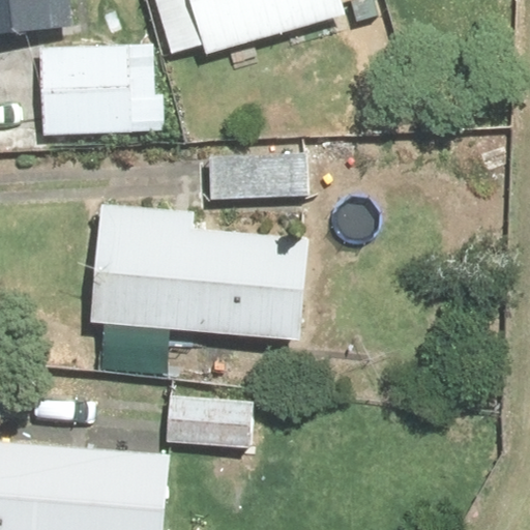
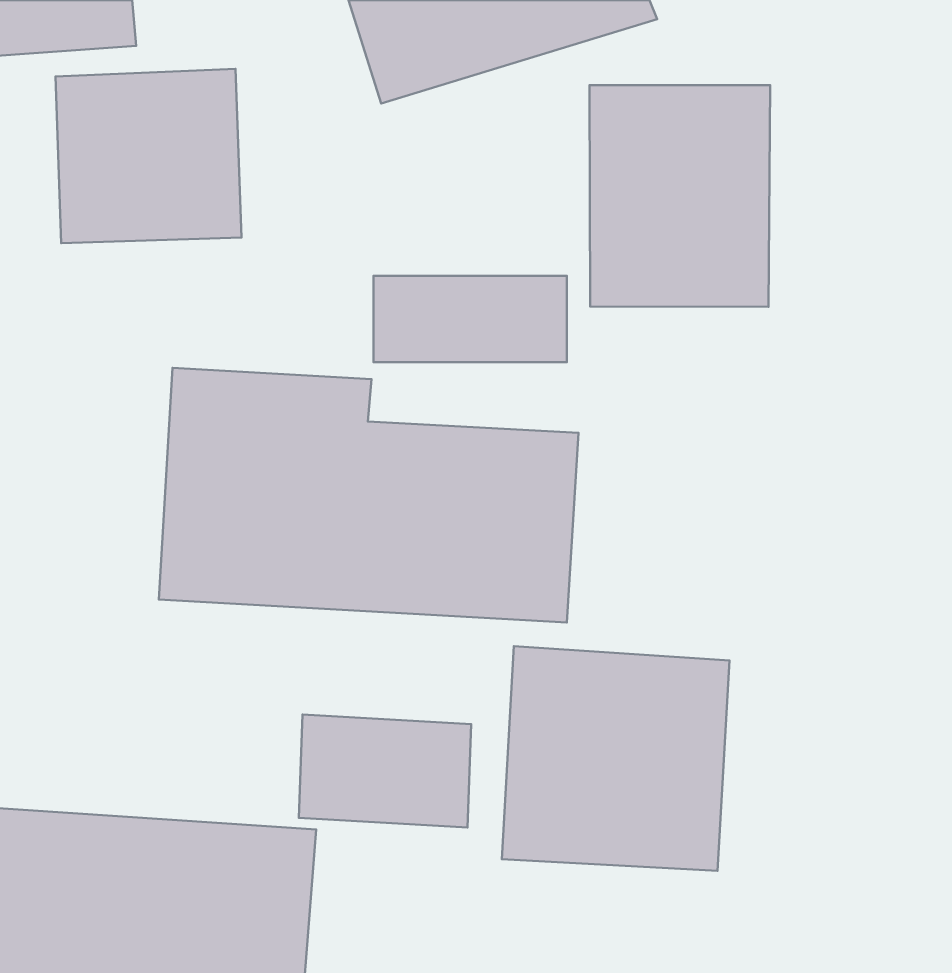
building: none -> [590,85,770,307]
building: none -> [502,646,729,871]

